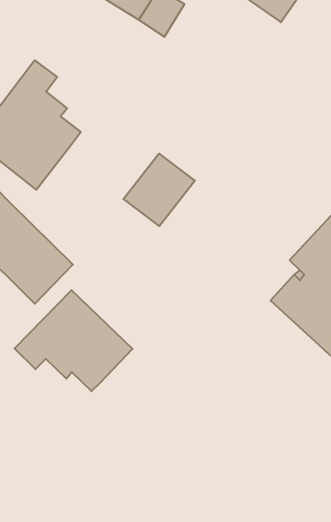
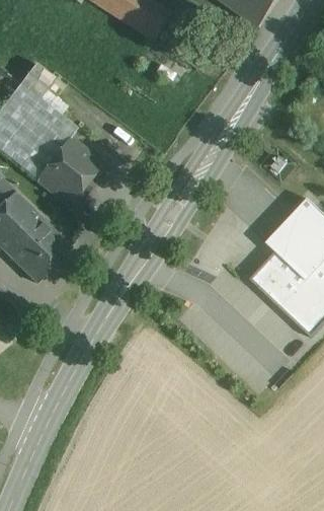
building: [123,154,195,226] -> [37,137,102,203]
building: [14,290,133,391] -> none

